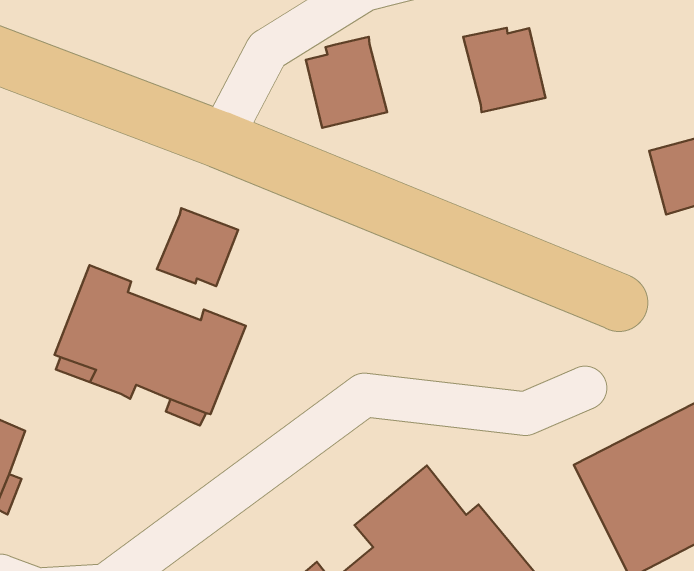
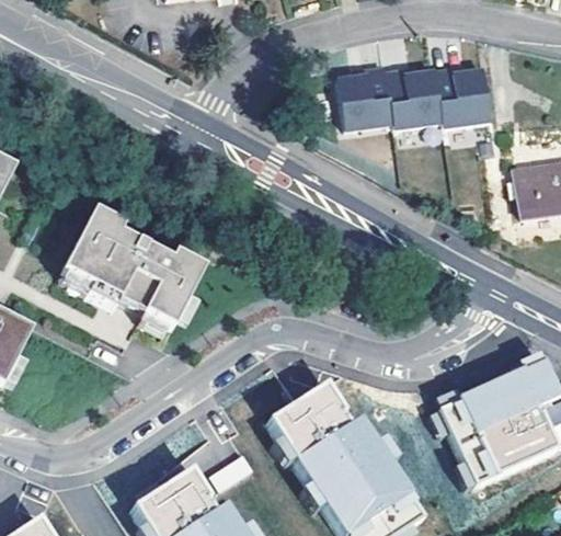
building: none -> [436,66,492,126]
building: [306,37,387,128] -> [339,65,394,128]
building: [157,208,238,286] -> none

